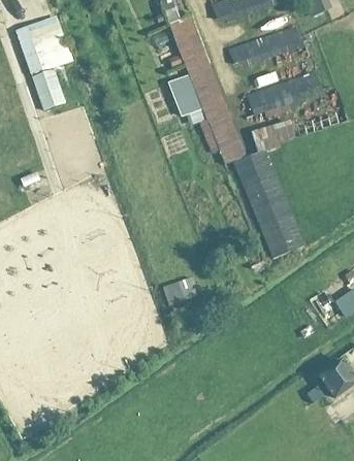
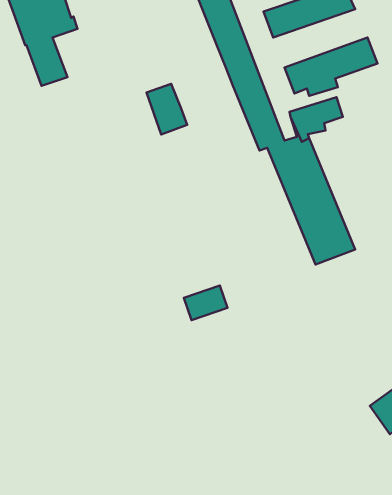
building: [169,75,203,118] -> [146,84,187,135]

